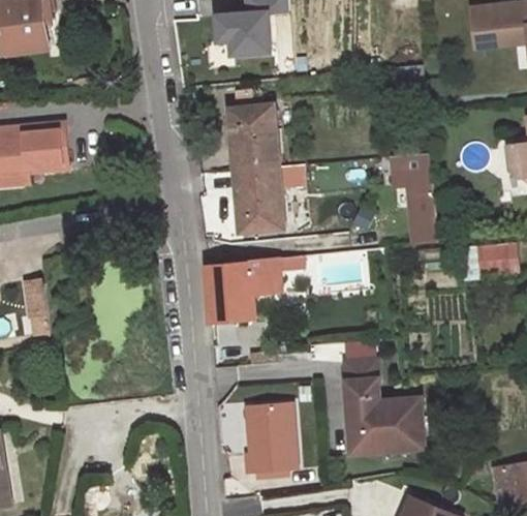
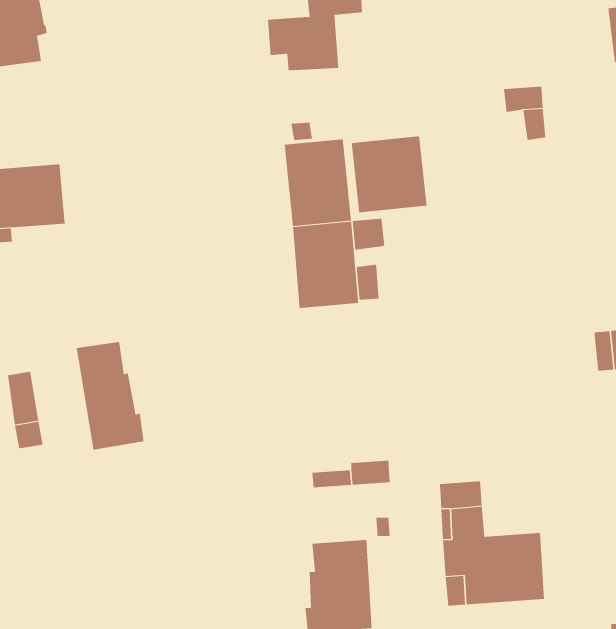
building: none -> [351,136,427,213]
building: [390,152,437,246] -> none
building: none -> [76,341,144,450]
building: [208,256,303,323] -> none

